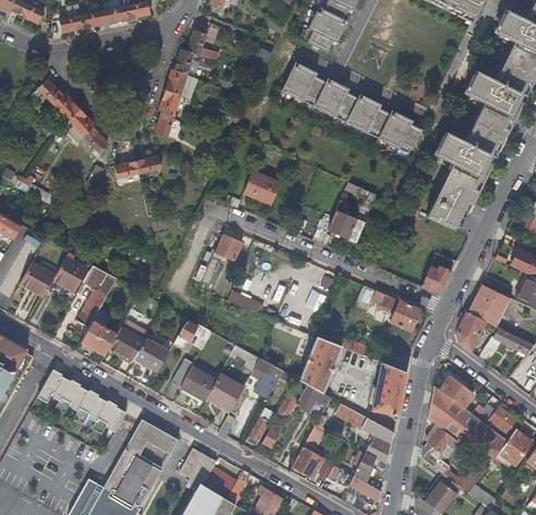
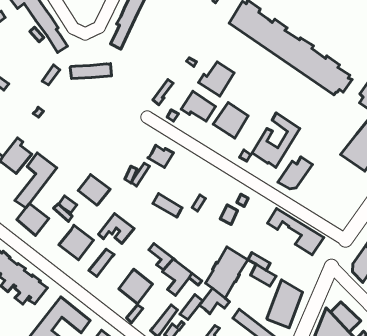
building: none -> [199,62,234,96]
building: none -> [213,103,248,138]
building: [421,254,455,291] -> [278,157,313,189]
building: [108,330,143,363] -> [78,174,110,205]
building: [179,366,216,403] -> none

